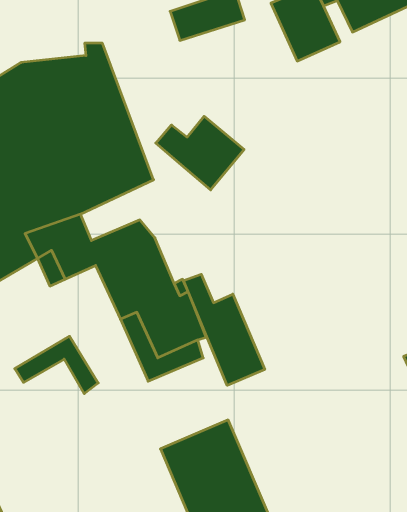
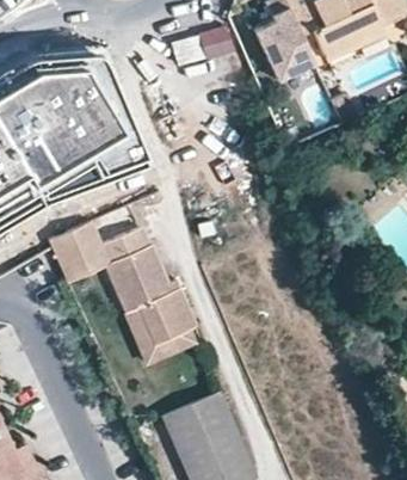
building: [156,116,244,190] -> none
building: [184,274,265,385] -> none
building: [15,336,98,394] -> none

